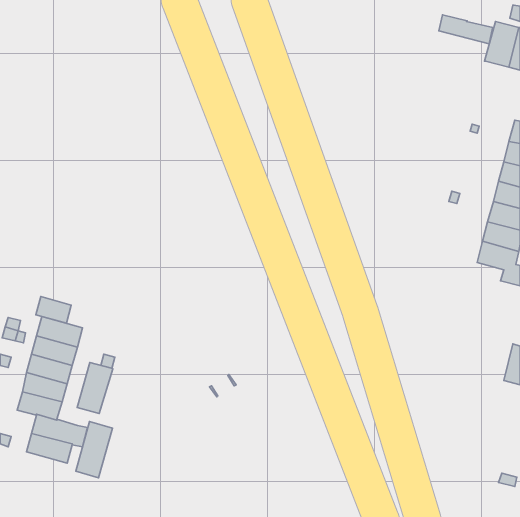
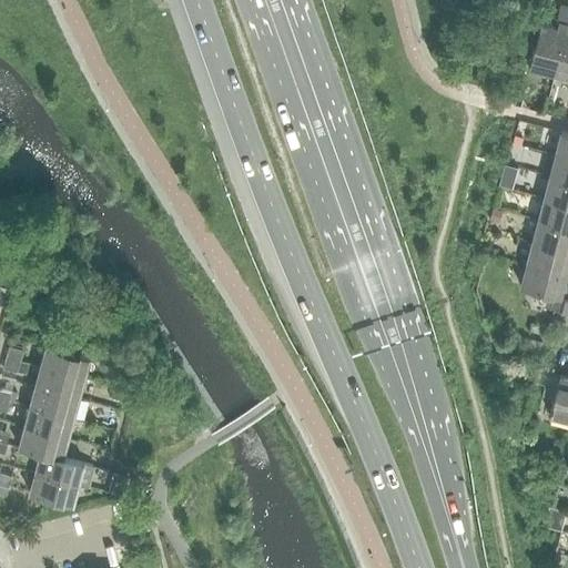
building: [439,15,493,44] -> none
building: [36,297,71,323] -> none
building: [77,362,113,413] -> none
building: [76,421,112,478] -> none

